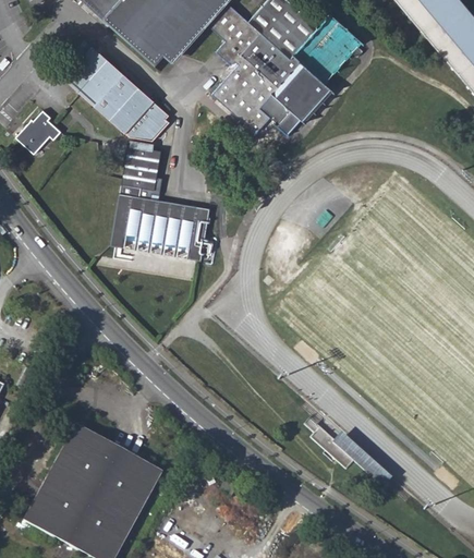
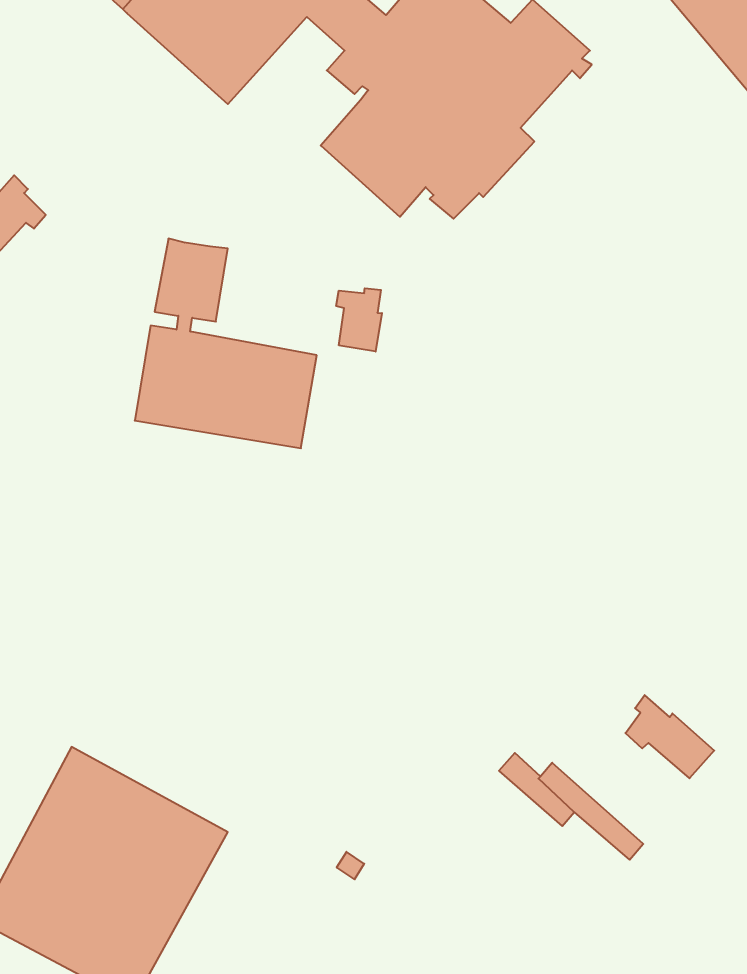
building: [56,38,169,140] -> none
building: none -> [336,288,382,352]
building: none -> [625,695,714,778]

